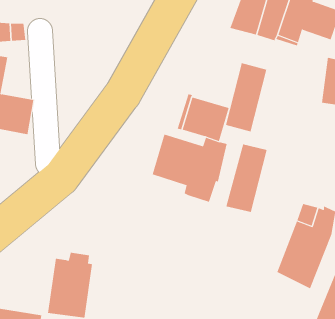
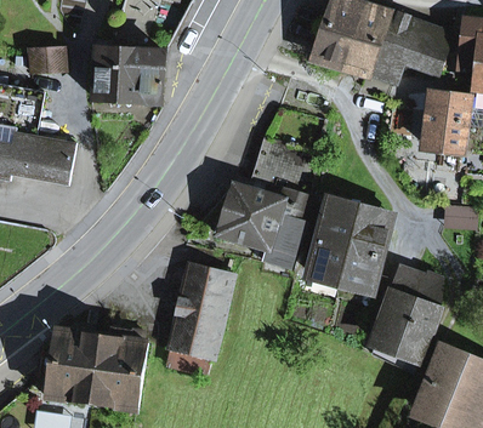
building: none -> [93,47,164,103]
building: [225,63,267,132] -> [340,204,391,289]
building: none -> [167,263,232,359]
building: none -> [45,323,101,403]

